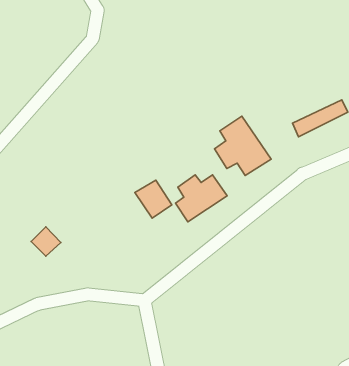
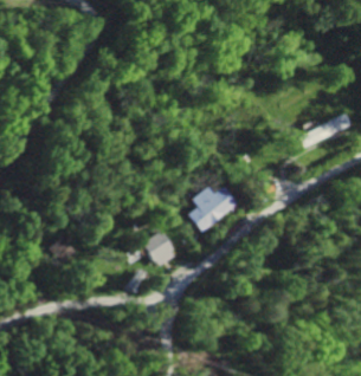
building: [215,116,271,175] -> none
building: [135,180,172,218] -> [140,231,175,267]

